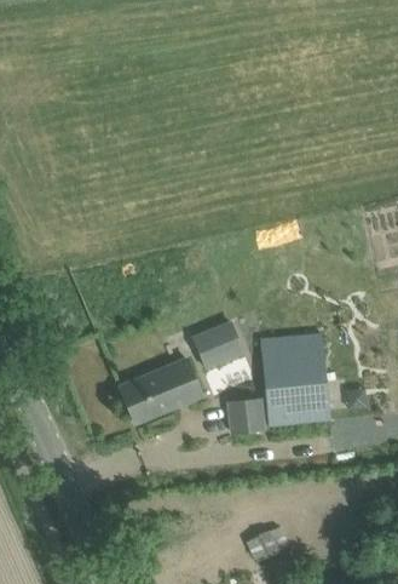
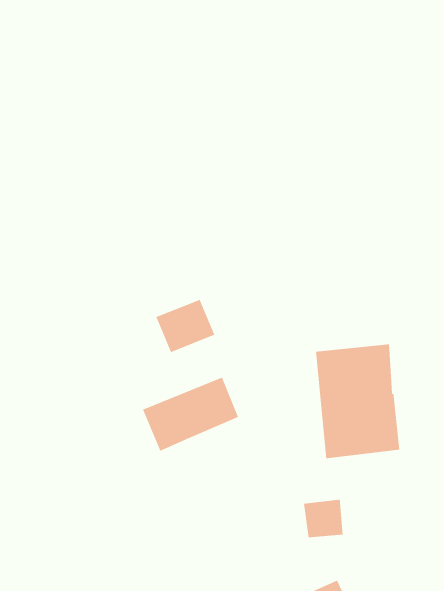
building: [190,326,238,370] -> [156,299,215,353]
building: [230,400,263,431] -> [303,499,344,538]

